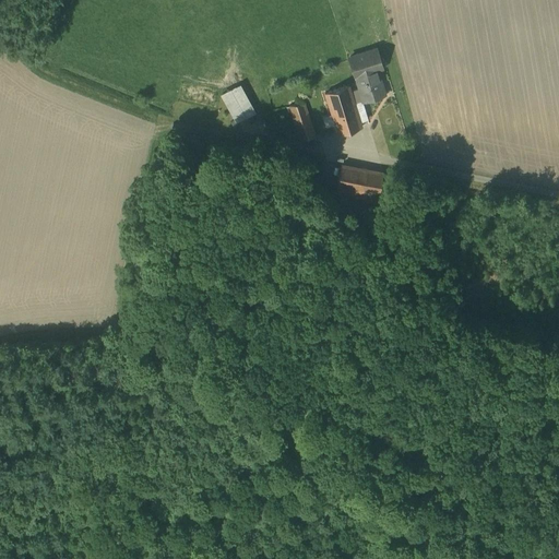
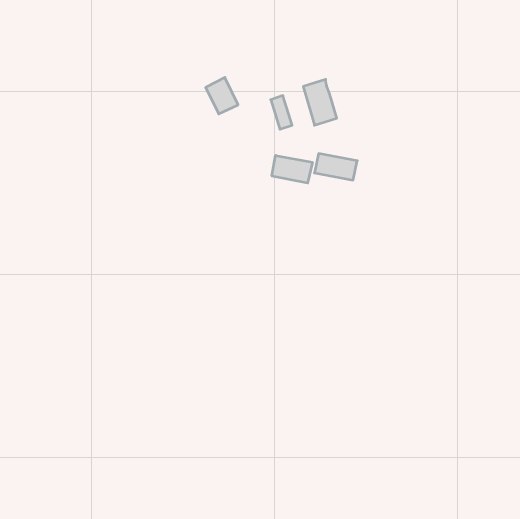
building: [349,50,384,103] -> none
building: none -> [272,155,312,183]

